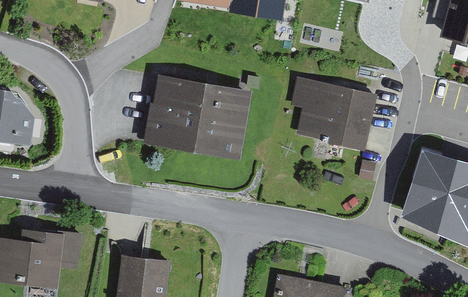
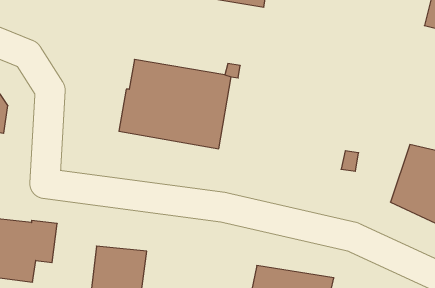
building: [291,78,377,150] -> none

